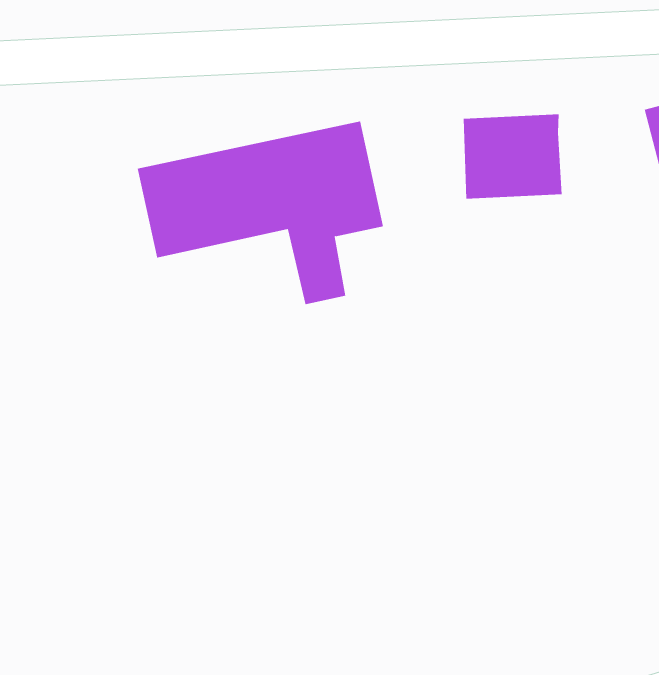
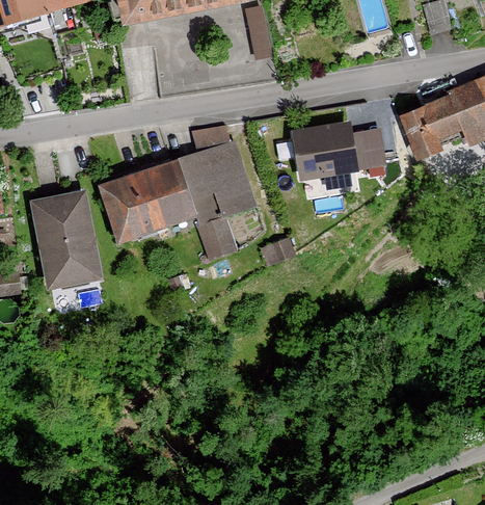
building: none -> [349,131,386,172]
building: none -> [33,192,98,285]

